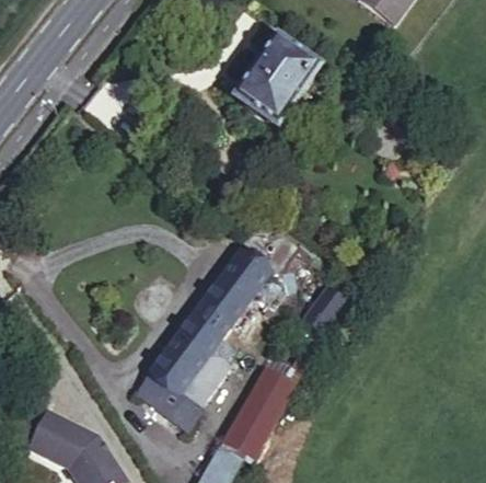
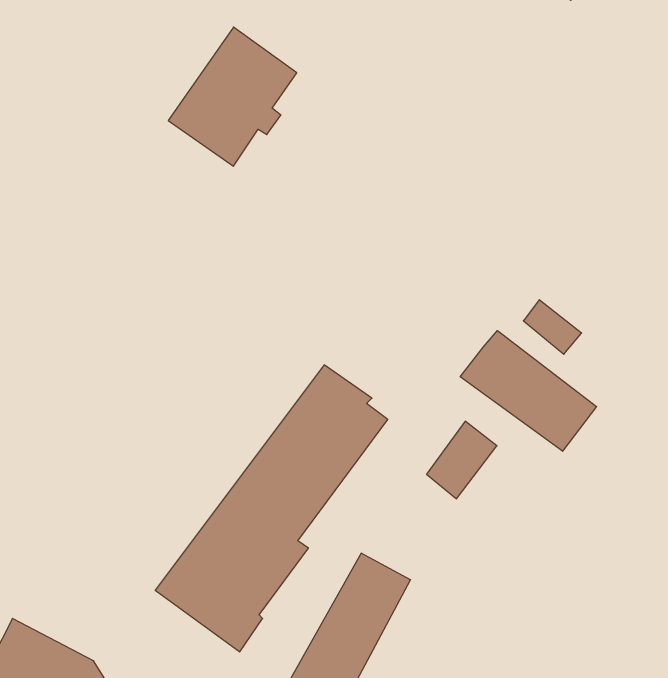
building: [238,41,317,127] -> [168,27,297,166]
building: none -> [460,331,597,451]

